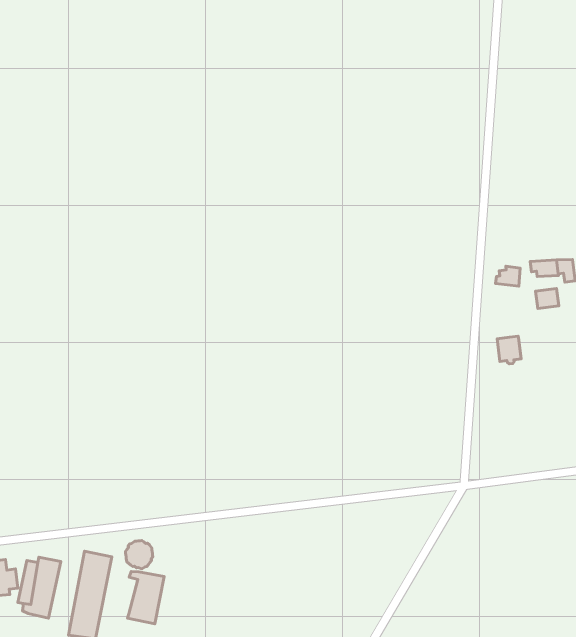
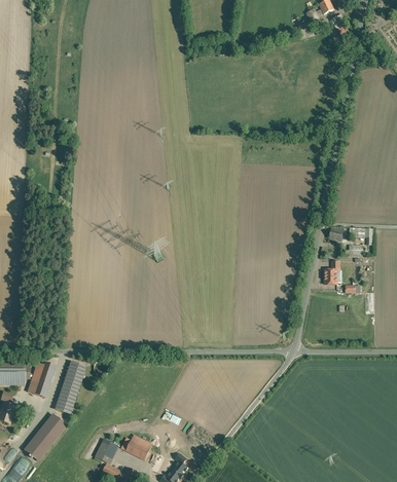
building: [128,571,164,624] -> none

